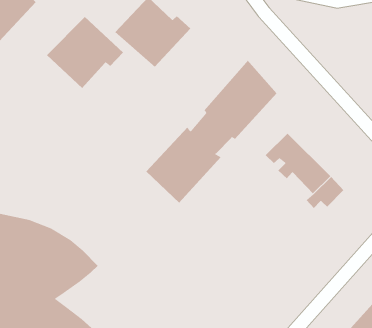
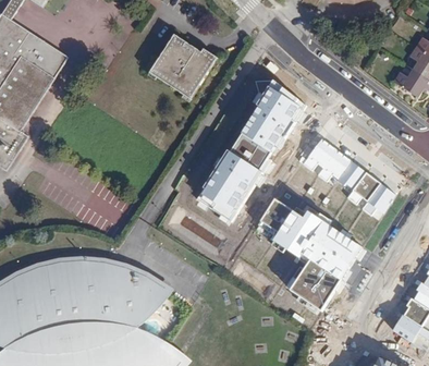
building: [46,16,124,89] -> none
building: none -> [257,197,361,310]
building: none -> [361,182,396,214]

